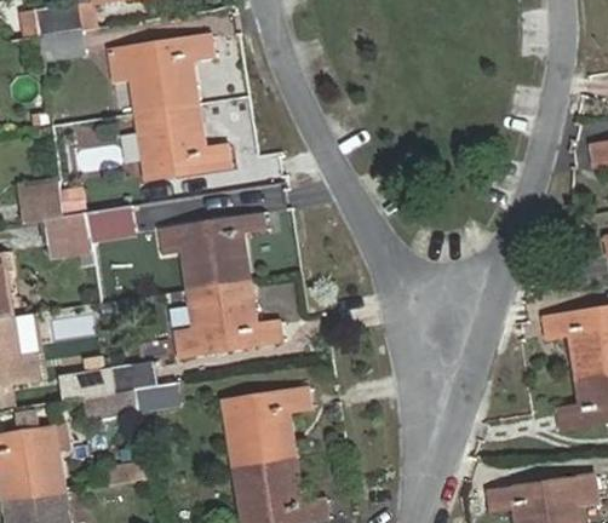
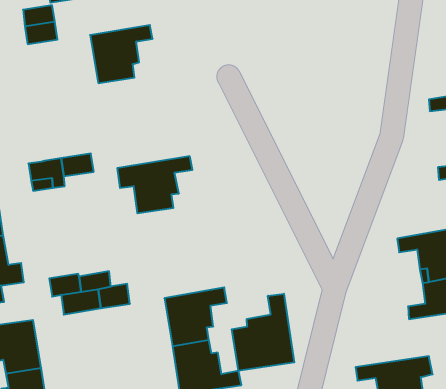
building: [139,105,229,177] -> none
building: [19,182,63,223] -> none
building: [179,280,282,356] -> none
building: none -> [232,294,294,371]

